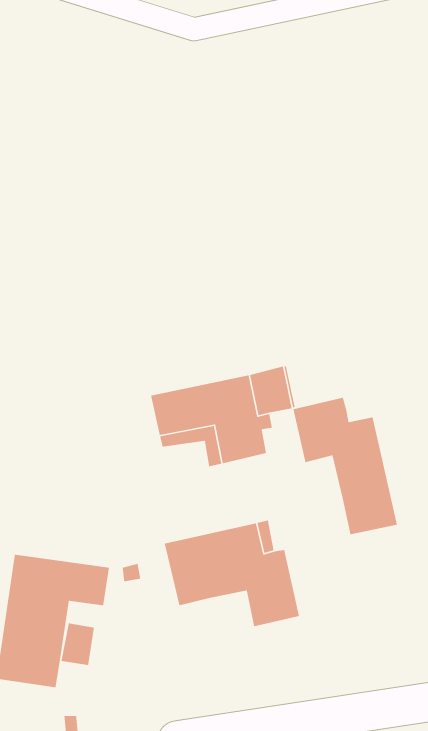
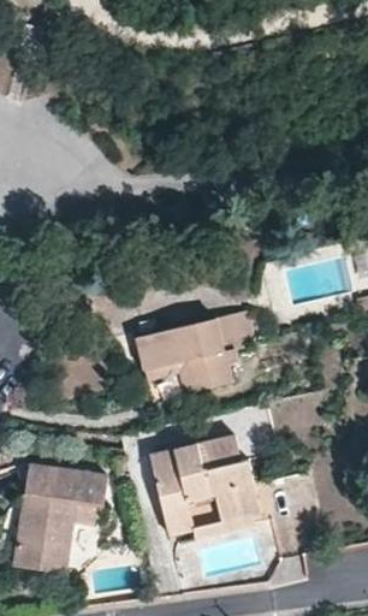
building: [292,397,398,535] -> none
building: none -> [161,499,254,543]

